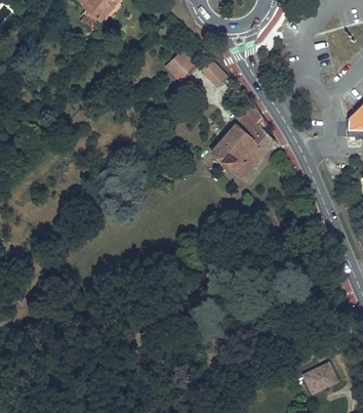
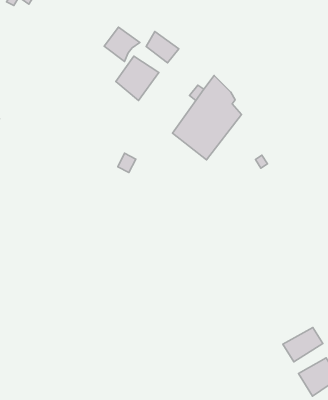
building: none -> [116,56,159,101]
building: none -> [283,327,323,362]

